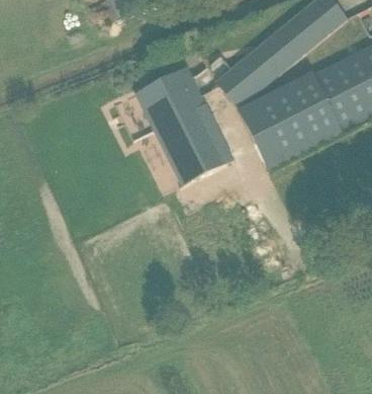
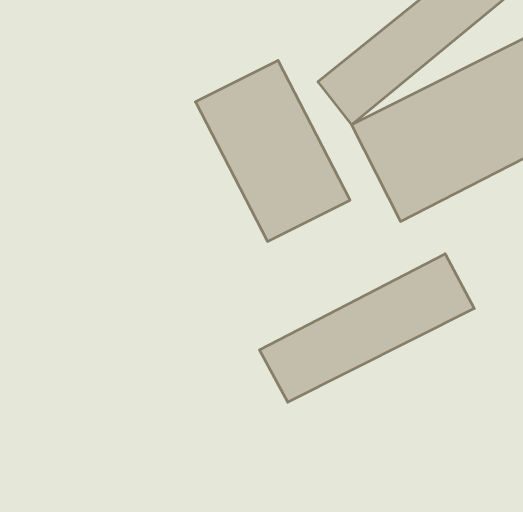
building: none -> [260,254,474,402]

